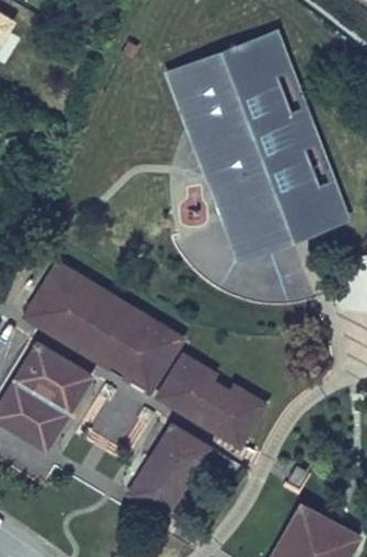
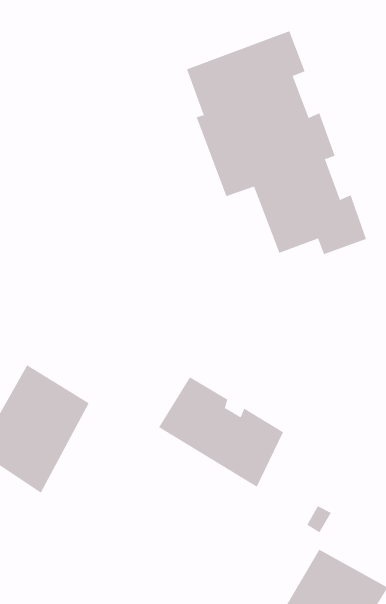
building: [165,70,305,264] -> none
building: [23,254,185,392] -> none
building: [126,420,215,520] -> none

